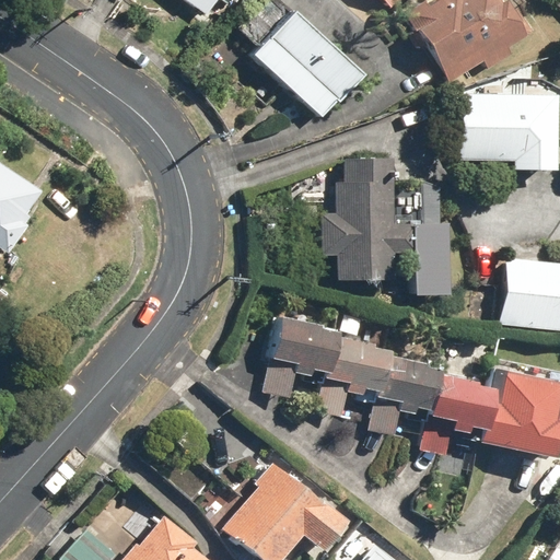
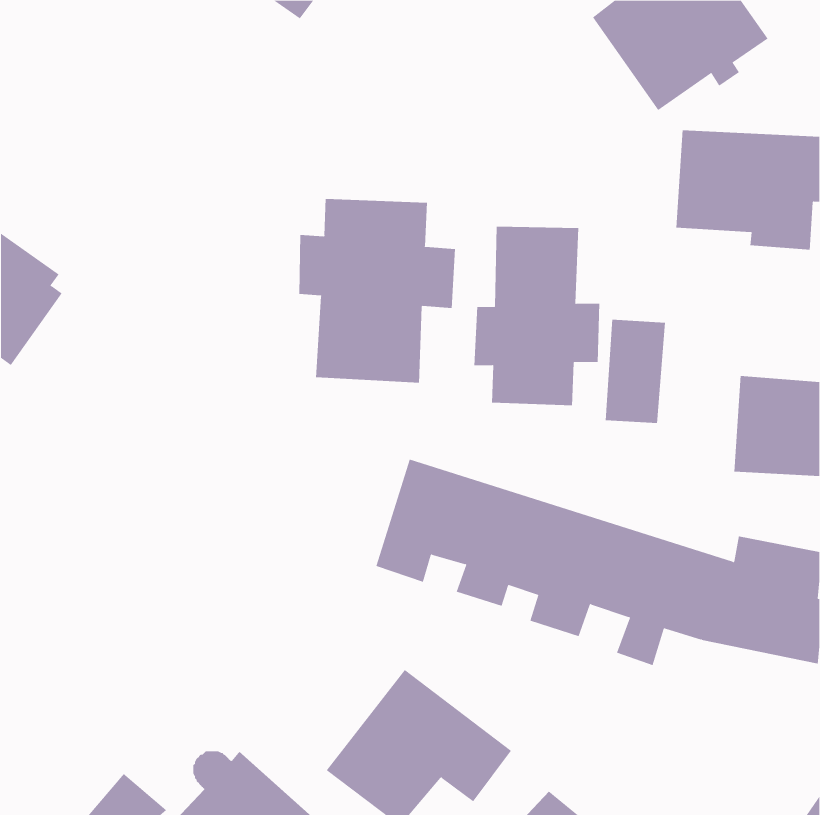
building: [253,10,364,117] -> none
building: none -> [299,198,455,383]

